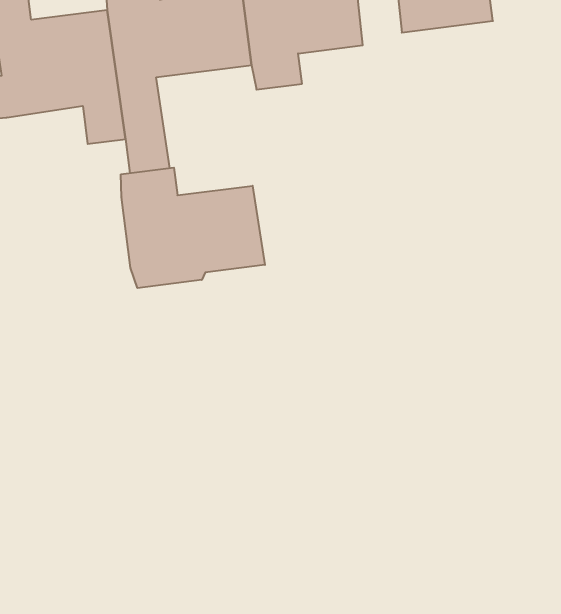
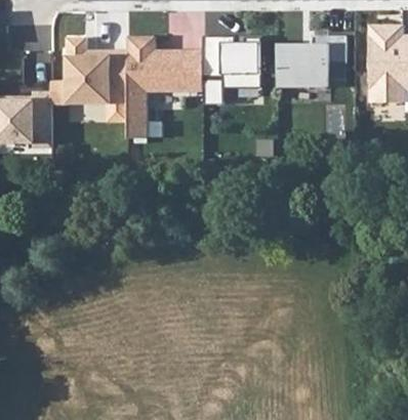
building: [121,168,265,288] -> none

